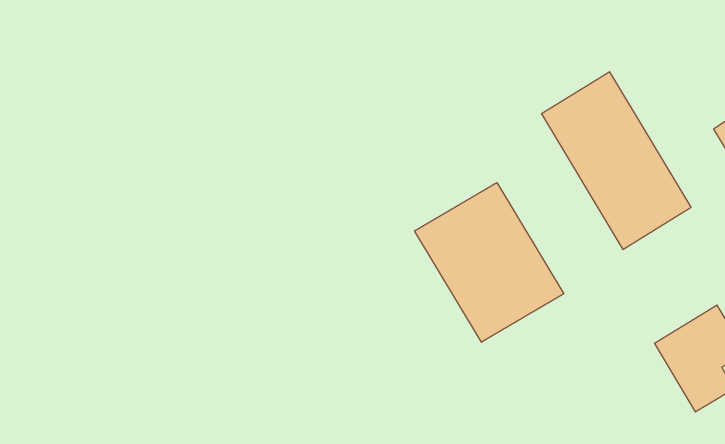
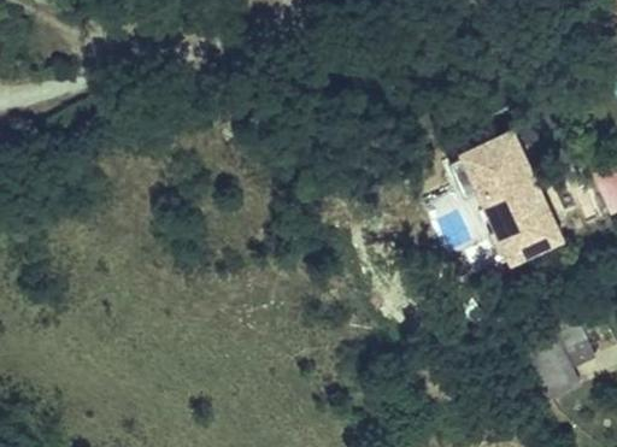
building: [415,183,564,342] -> none

